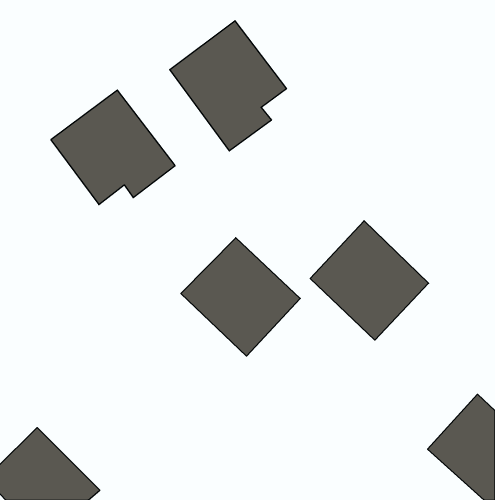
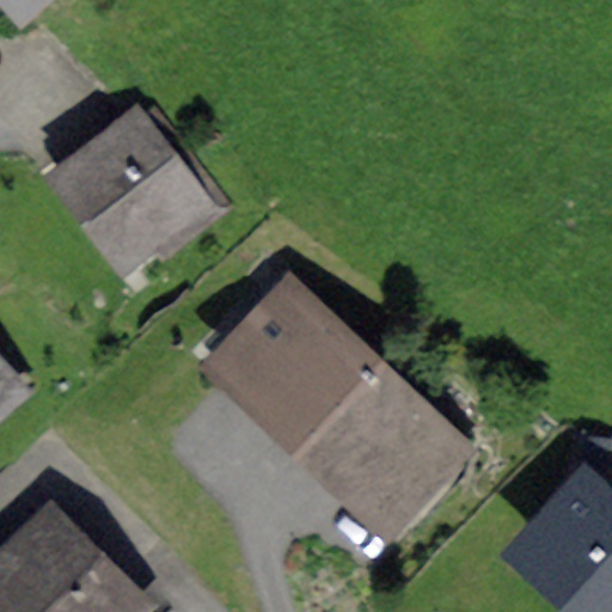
building: [170,21,286,151] -> none
building: [310,221,429,340] -> [301,365,446,510]

